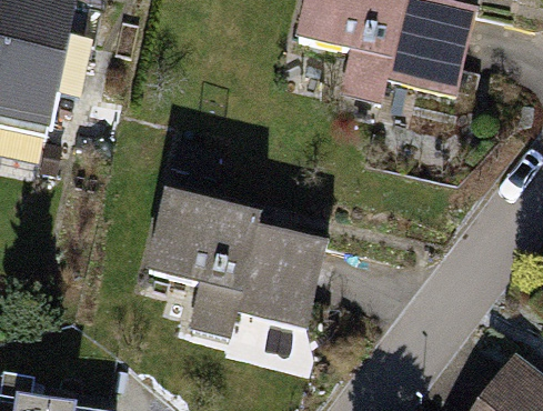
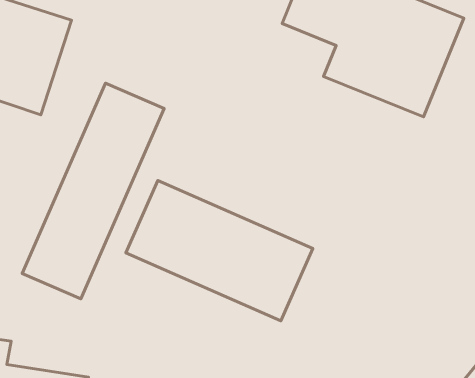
building: none -> [22,83,164,299]

